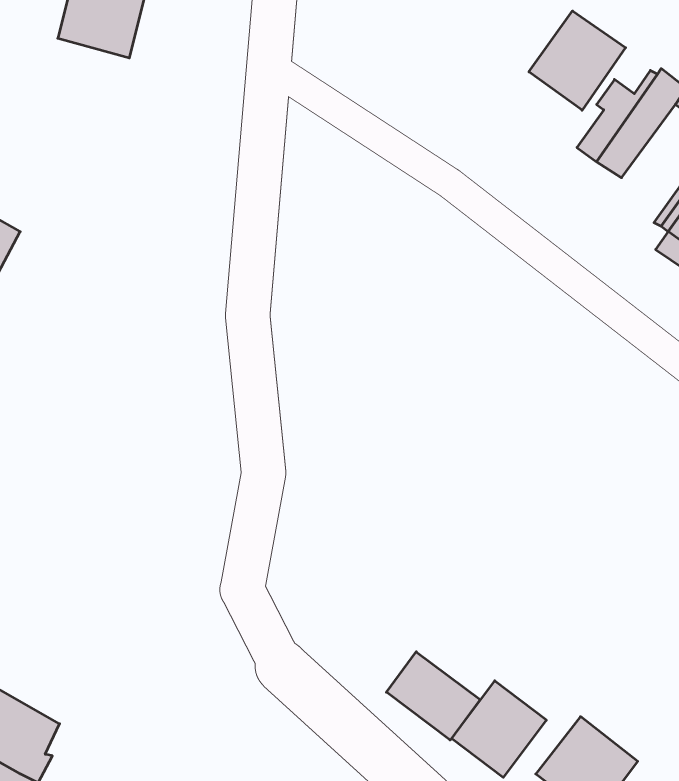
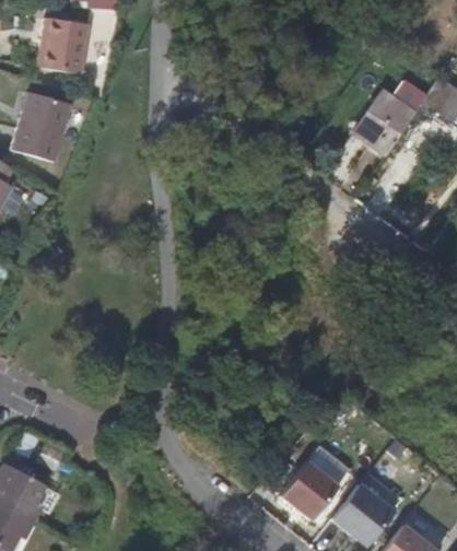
building: [529,11,626,110] -> none
building: none -> [13,91,72,161]
building: [386,652,480,740] -> none

